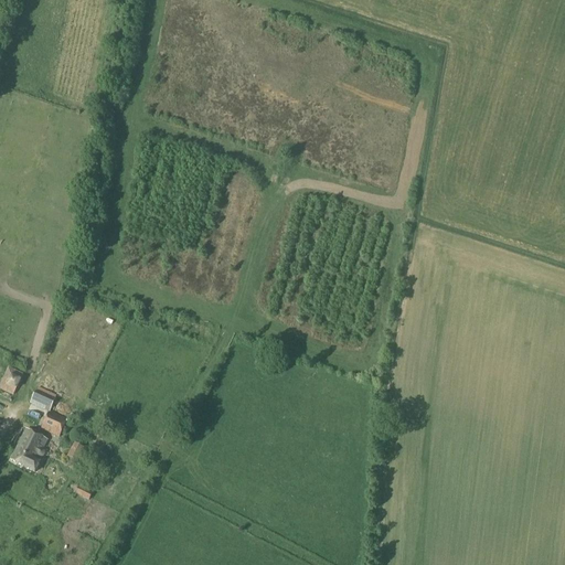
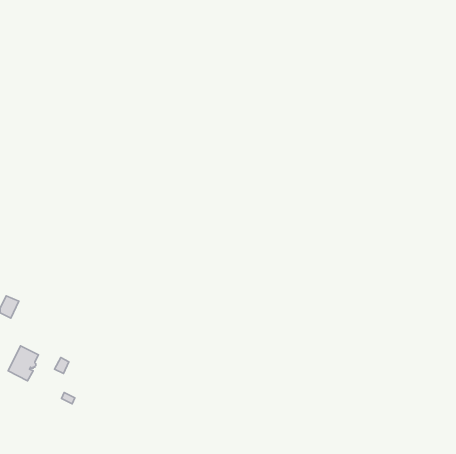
building: [30,388,67,435] -> none

